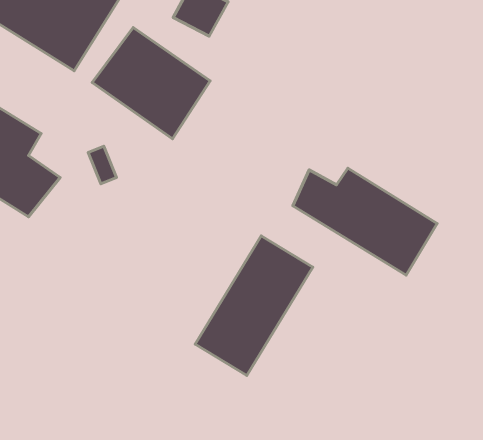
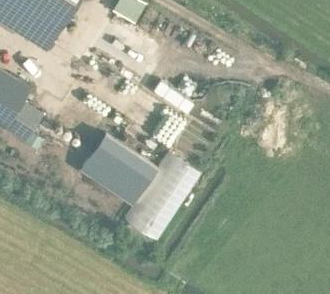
building: [92,28,210,139] -> [79,133,154,204]
building: [293,168,437,275] -> none

